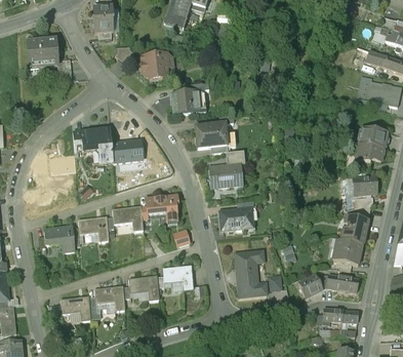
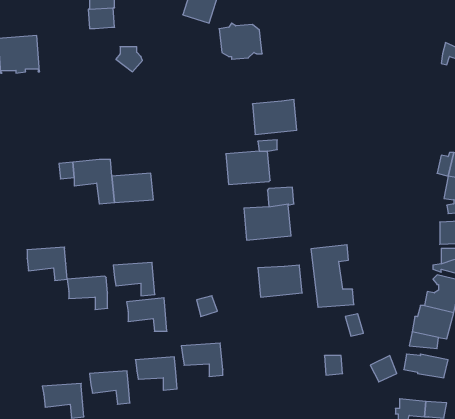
building: [140,53,172,80] -> [219,23,262,59]
building: [170,90,203,116] -> [252,100,297,134]
building: [147,196,176,221] -> [127,298,167,331]
building: [44,227,74,251] -> [27,247,67,280]
building: [235,250,267,296] -> [311,245,354,307]

